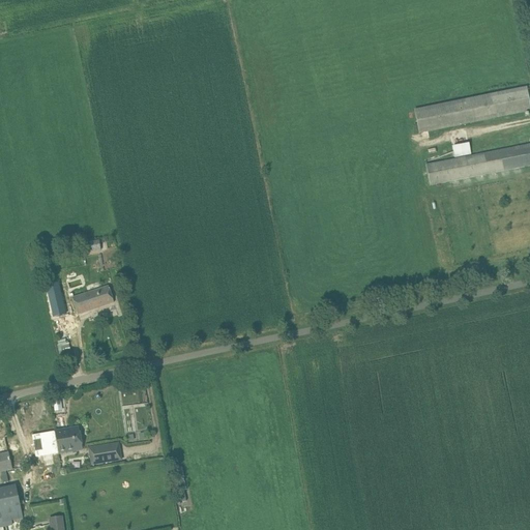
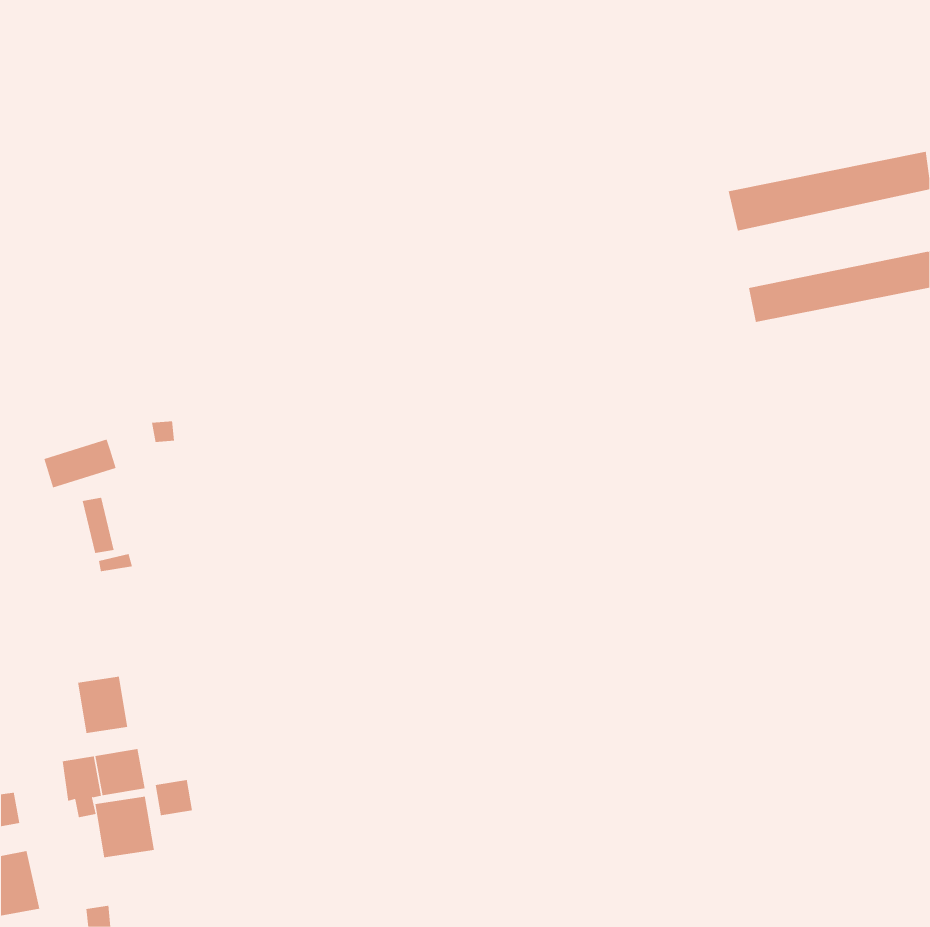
building: [72,285,114,313] -> [44,439,116,488]
building: none -> [78,676,128,734]
building: none -> [95,796,154,858]

